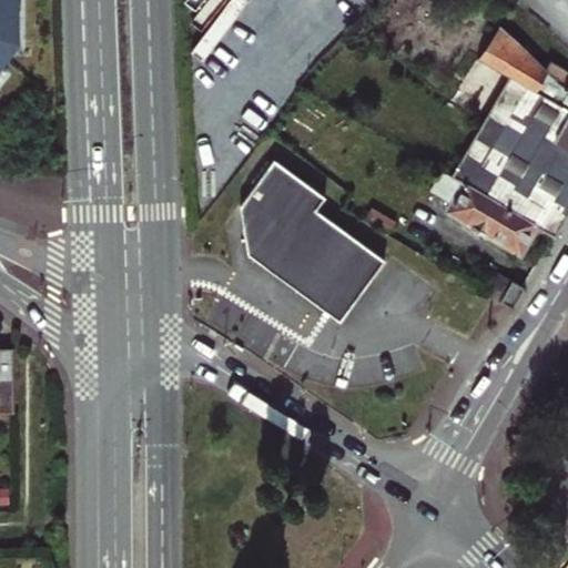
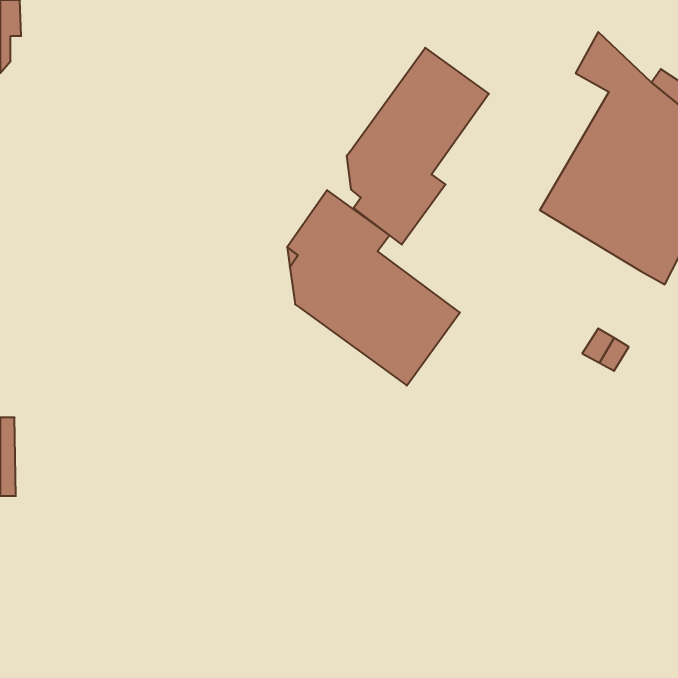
building: none -> [347,48,489,245]
building: [432,172,536,254] -> none

